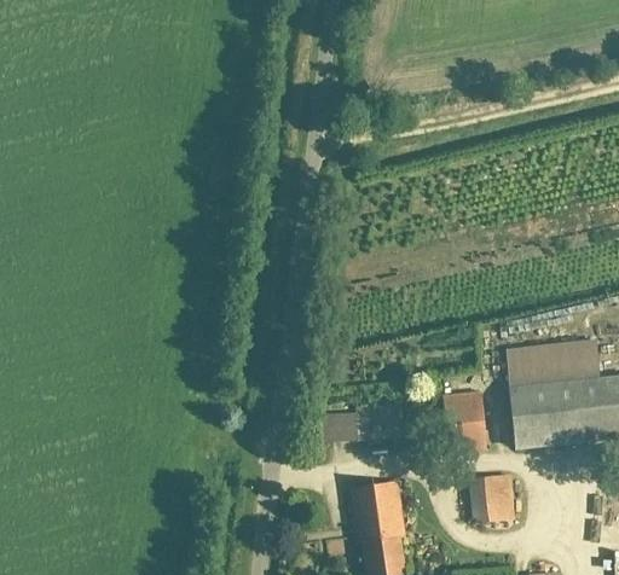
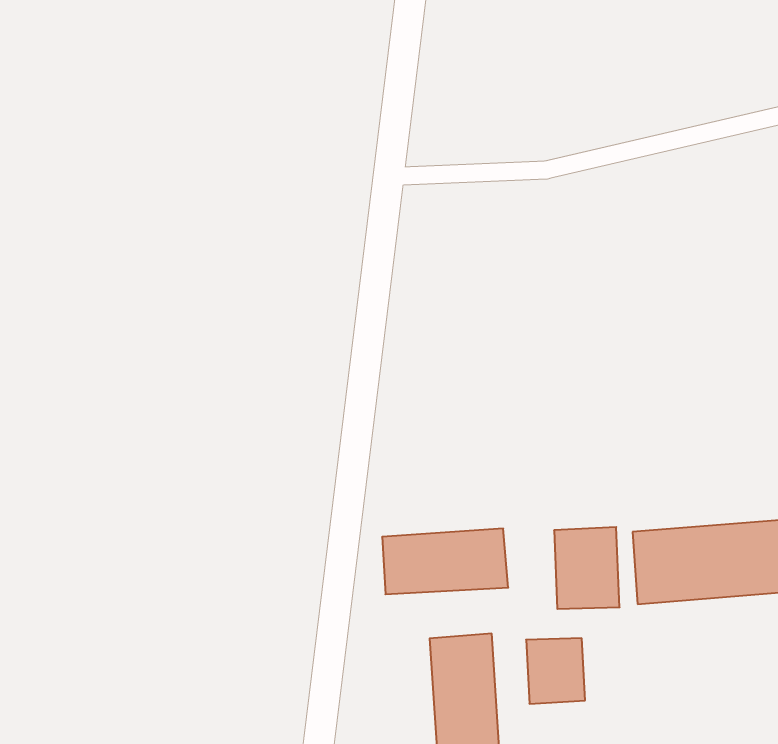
building: [510,341,601,385] -> none
building: [473,476,516,524] -> [526,638,585,704]

